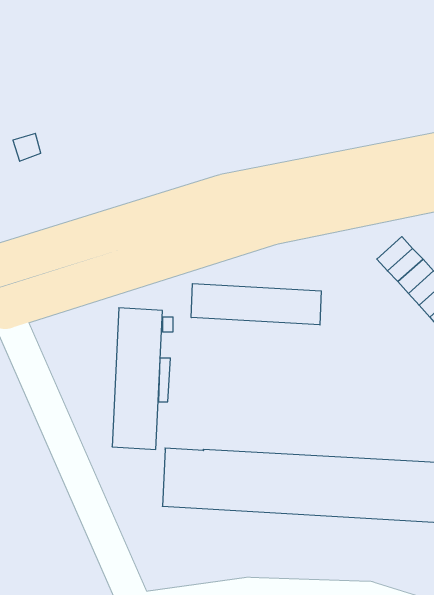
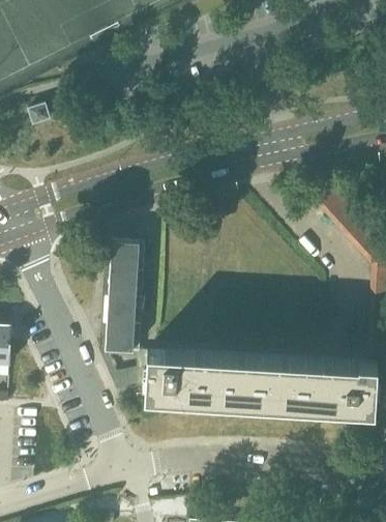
building: [191,284,321,325] -> none

